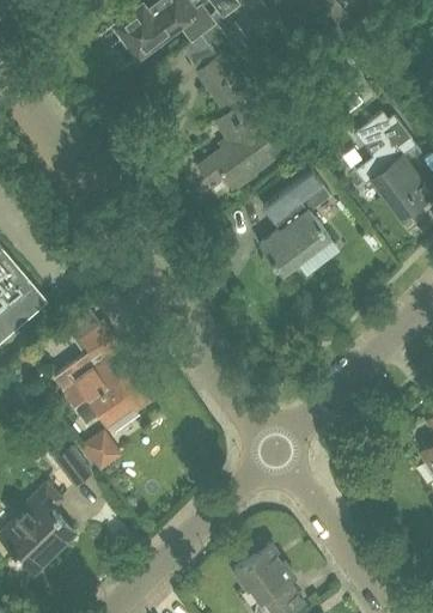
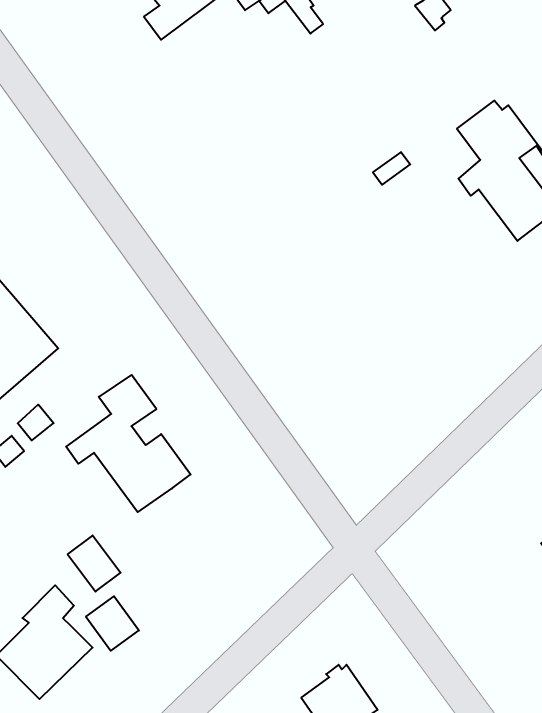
building: [197,57,282,189] -> none
building: [260,171,333,278] -> none
building: [83,430,123,472] -> [86,596,139,651]

